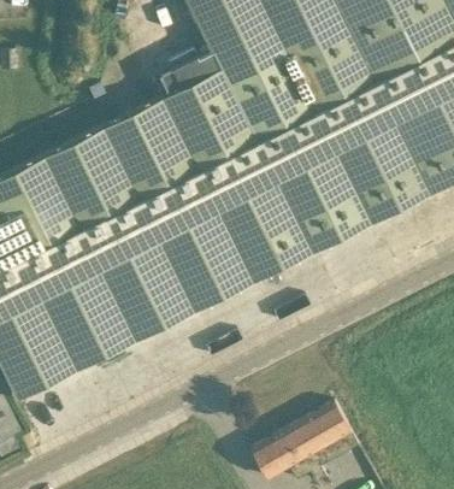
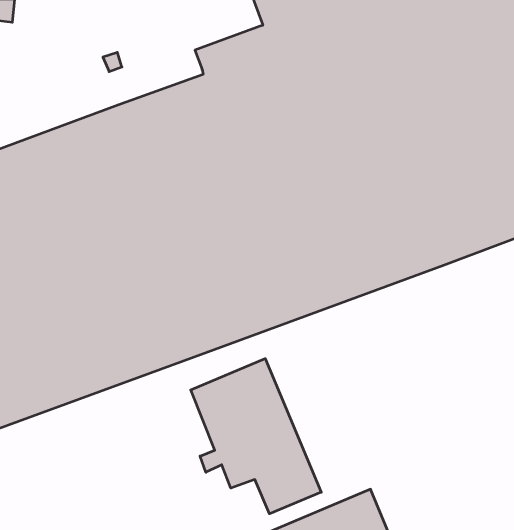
building: none -> [191,359,321,514]

